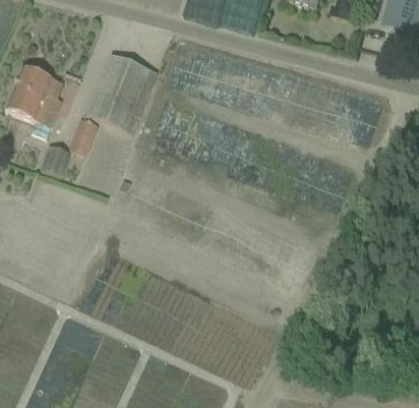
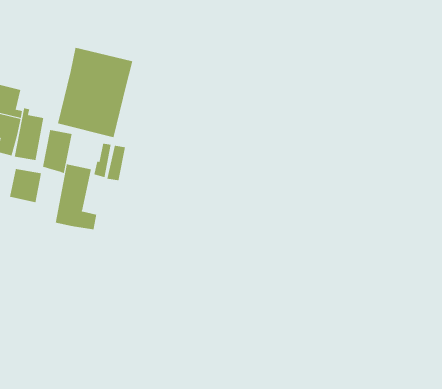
building: none -> [14,107,44,161]
building: none -> [55,163,97,230]

